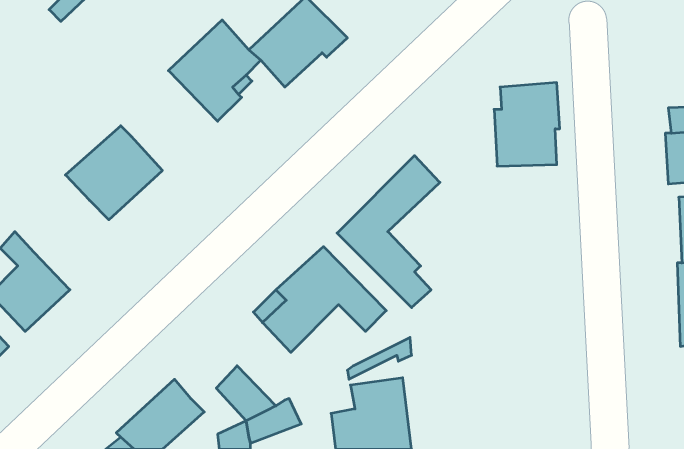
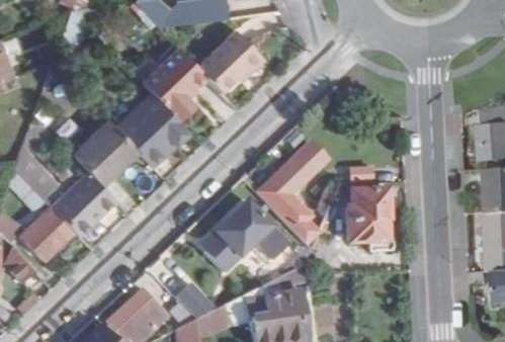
building: [494,83,560,166] -> [346,186,391,243]
building: none -> [117,92,188,164]
building: none -> [52,170,116,235]

